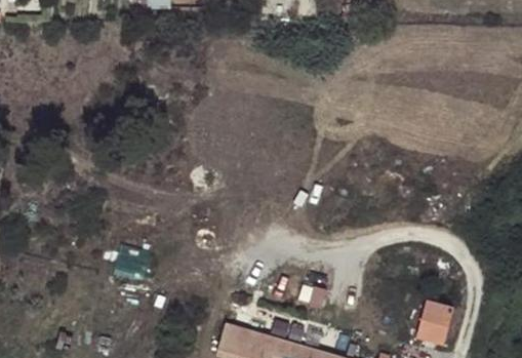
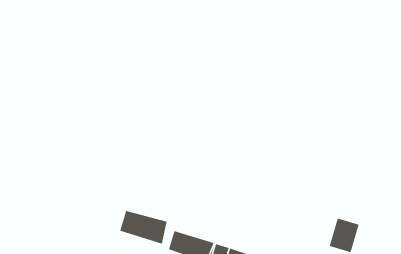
building: none -> [119,210,167,244]

